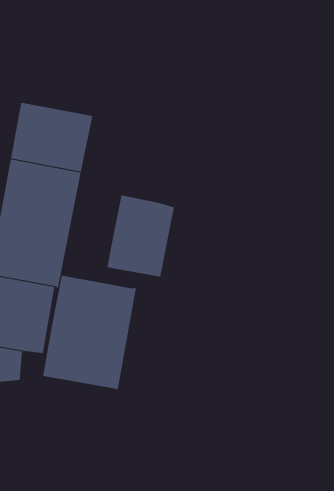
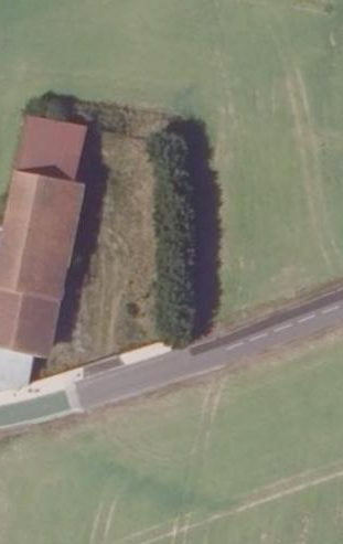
building: [107,195,175,277] -> none
building: [42,275,136,390] -> none

